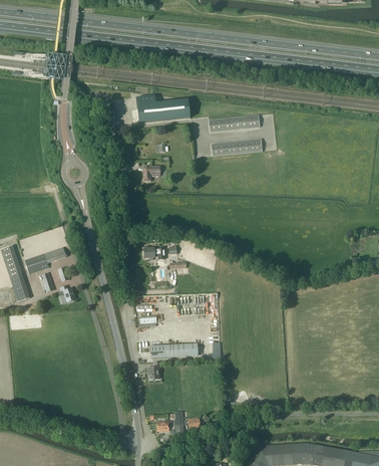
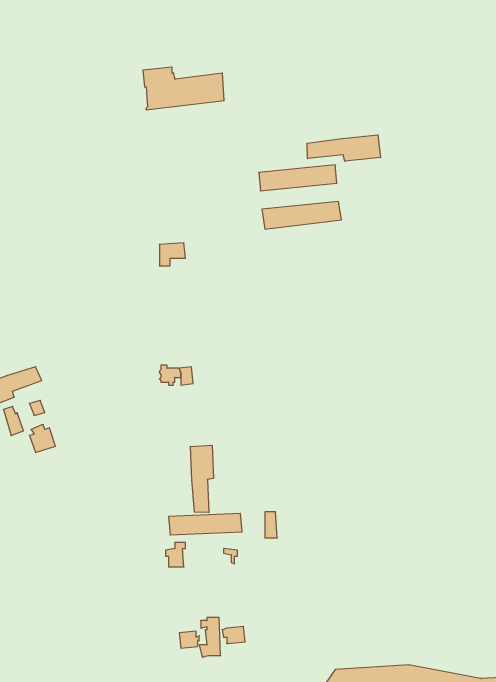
building: [136,94,189,123] -> [143,67,224,110]
building: none -> [307,135,380,161]
building: none -> [190,445,213,513]

